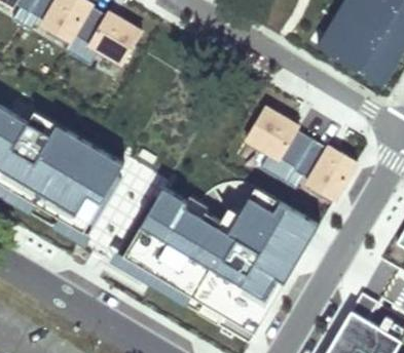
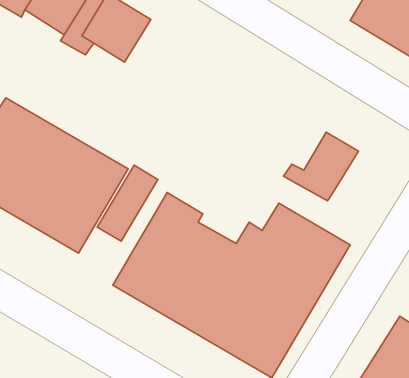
building: [242,107,301,165] -> none
building: [304,145,363,206] -> none

